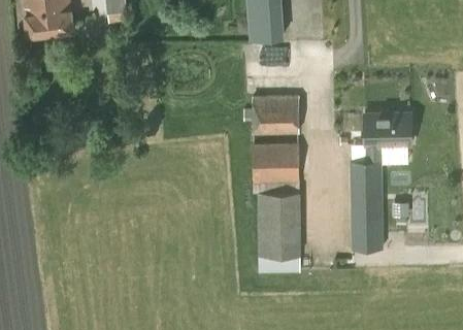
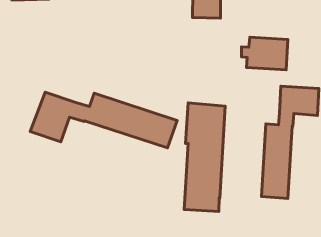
building: [243,97,300,135] -> [241,37,288,70]
building: none -> [30,92,177,148]

